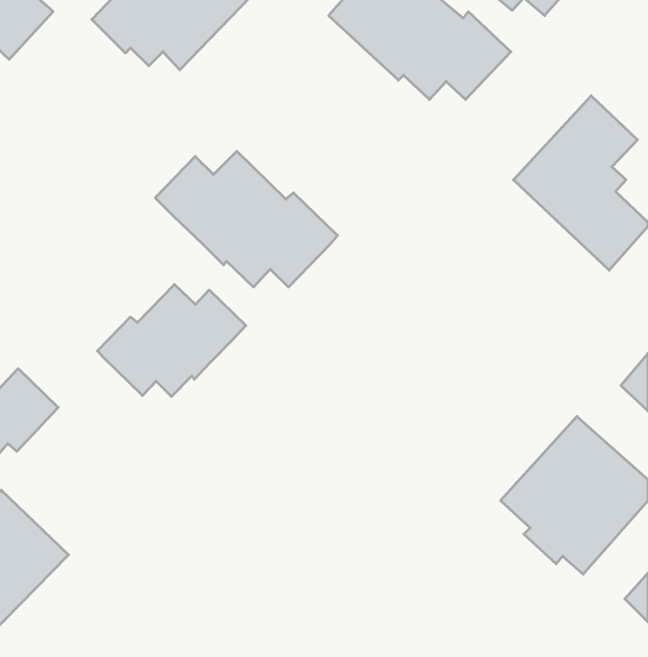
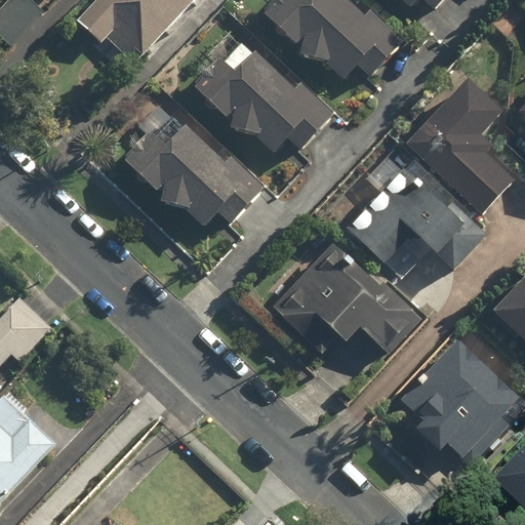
building: none -> [193,36,335,153]
building: none -> [346,169,486,270]
building: [97,284,246,397] -> none
building: none -> [267,234,422,358]

